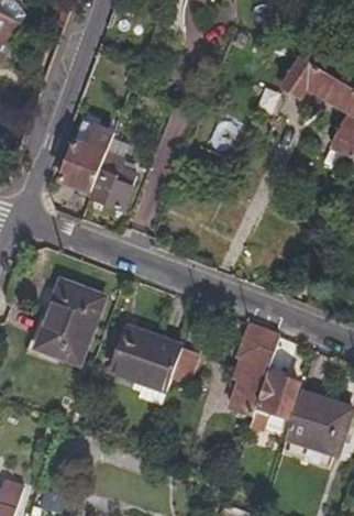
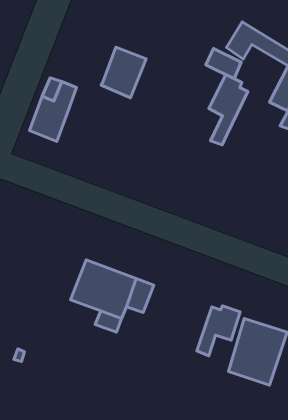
building: none -> [209,75,248,145]
building: [89,152,140,209] -> [101,47,146,98]
building: [33,277,102,362] -> none
building: [229,323,279,416] -> none

